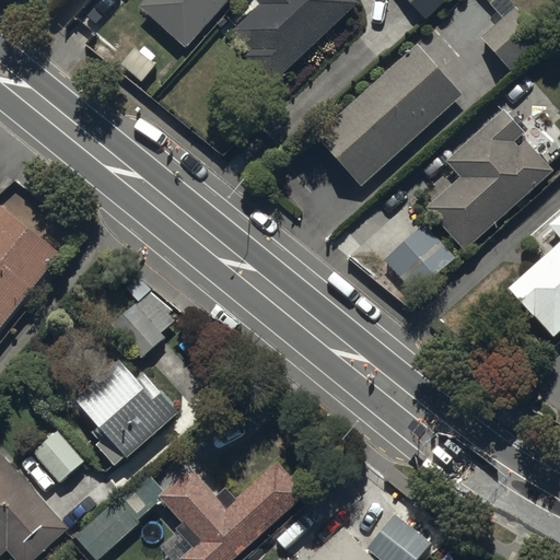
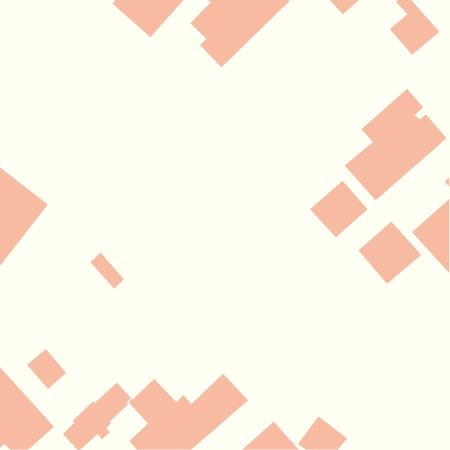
building: [314,43,462,185] -> none
building: none -> [357,220,422,285]
building: [77,361,179,466] -> none

